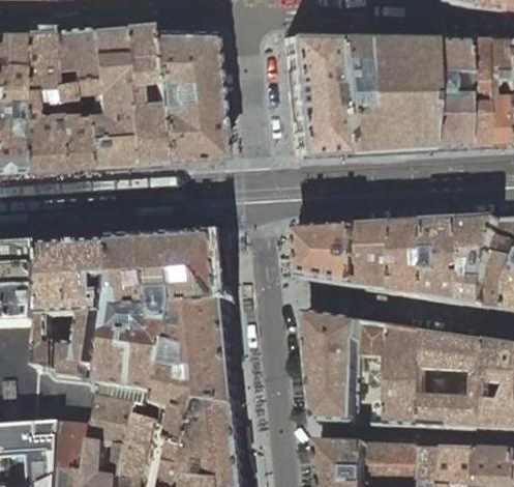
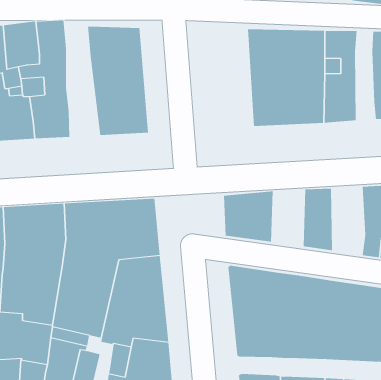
building: [114,23,155,163] -> none
building: [279,34,335,153] -> none
building: [455,37,478,143] -> none
building: [427,221,465,302] -> none
building: [357,224,395,291] -> none

